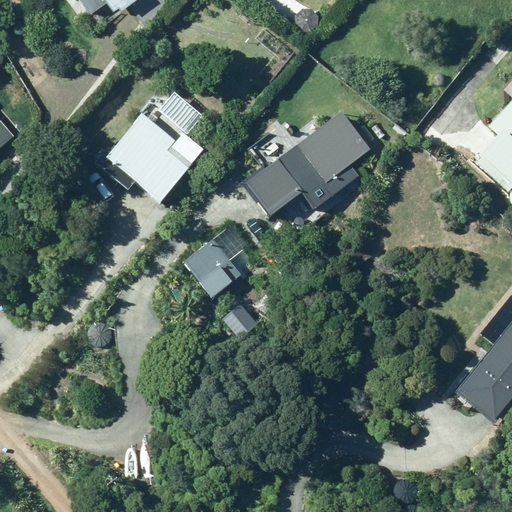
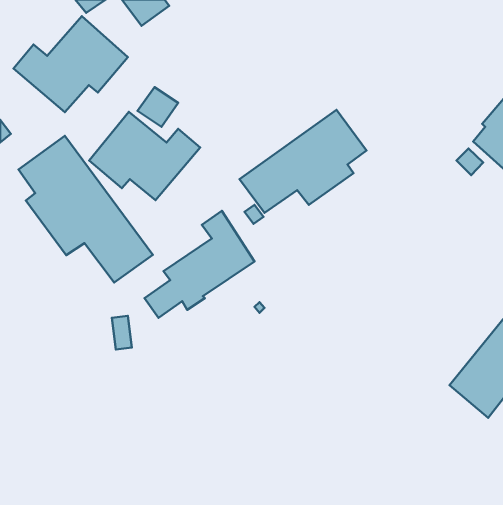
building: none -> [13,16,128,112]
building: none -> [18,136,153,283]

